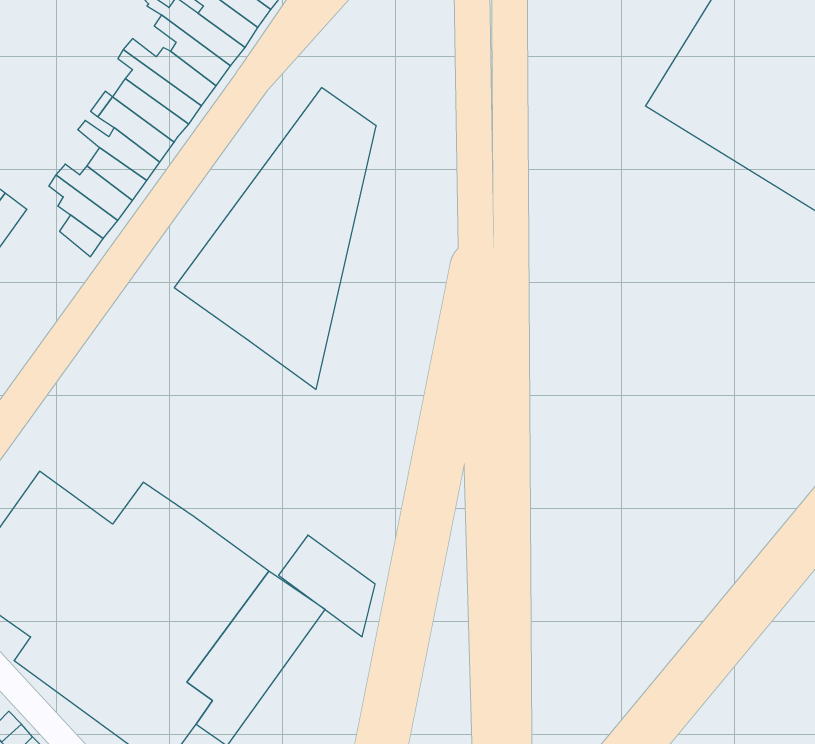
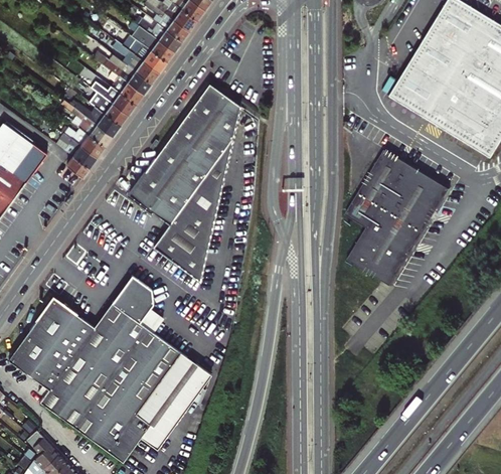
building: none -> [346,151,449,286]
building: none -> [111,276,153,323]
building: [279,535,375,637] -> [153,225,206,282]

